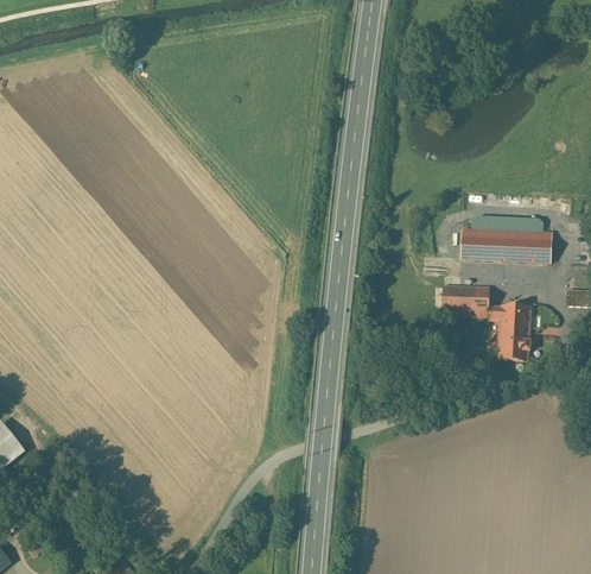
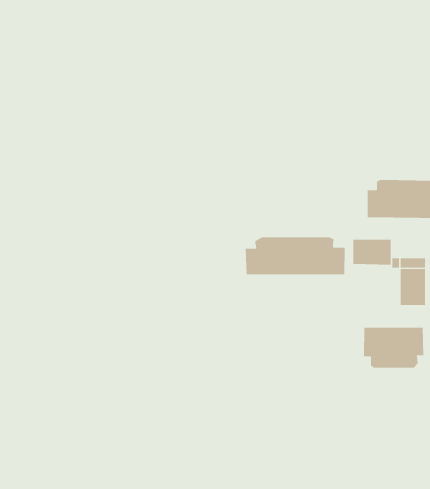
building: none -> [245,236,345,275]
building: none -> [363,327,424,369]

